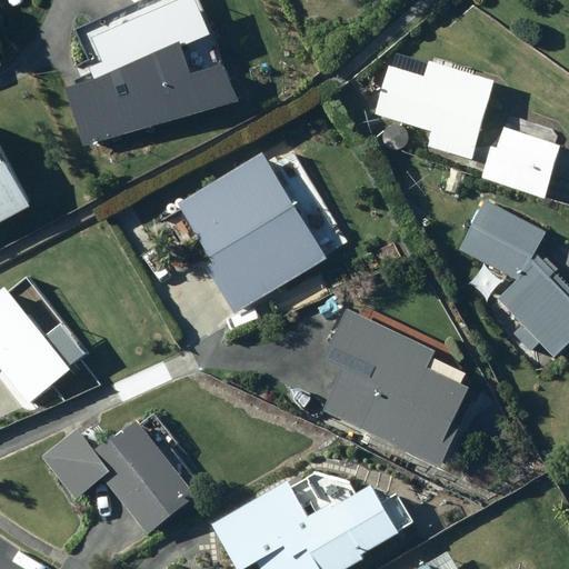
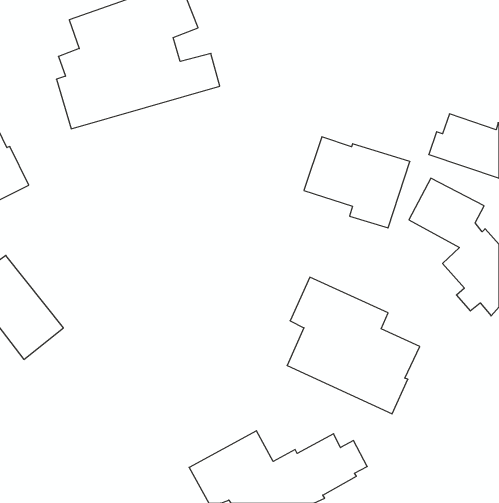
building: [375,53,493,156] -> [304,137,410,228]
building: [180,156,326,313] -> none
building: [41,423,193,533] -> none

